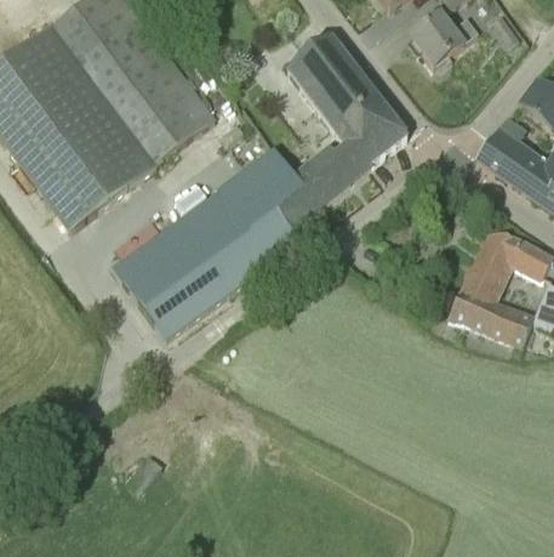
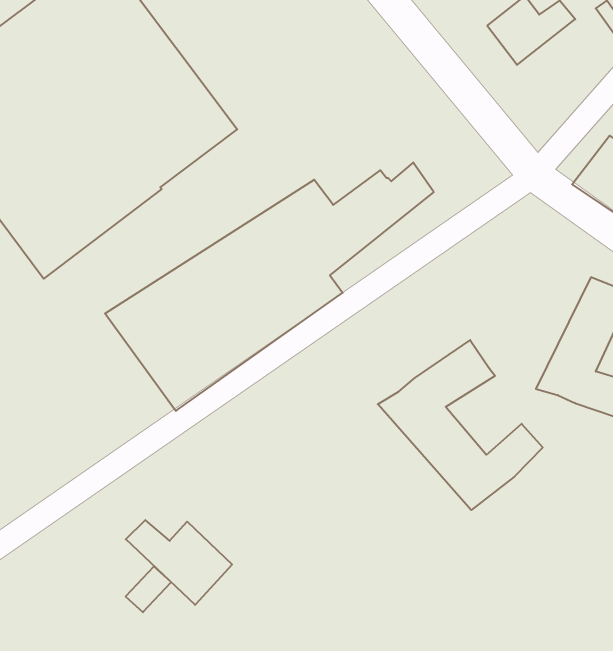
building: [287,36,406,164] -> none
building: none -> [378,340,543,510]
building: none -> [126,520,232,605]

